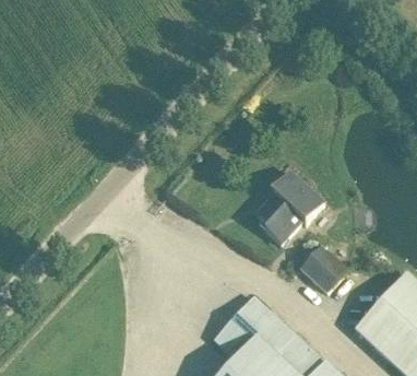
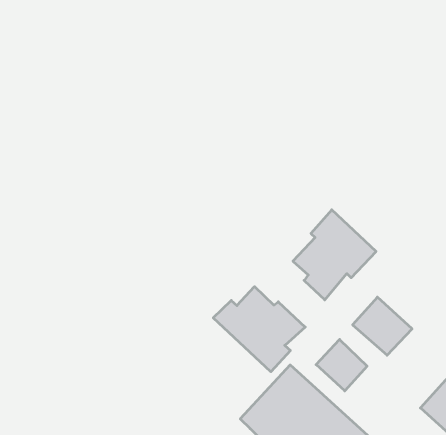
building: none -> [213,287,305,372]
building: none -> [316,339,367,391]

